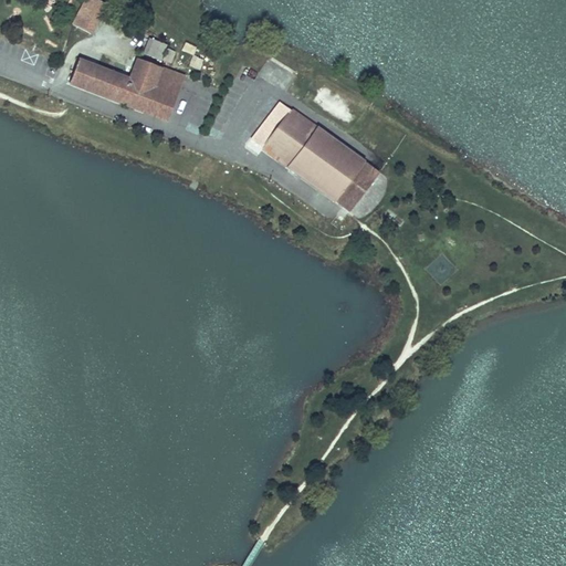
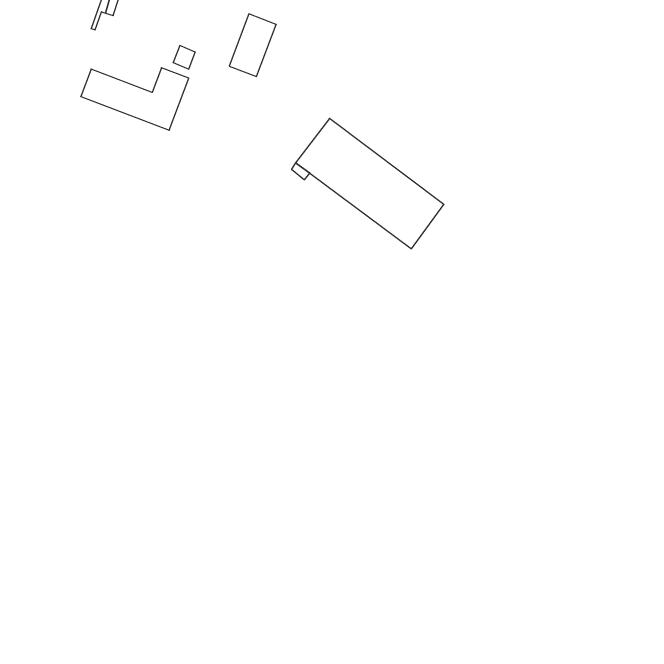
building: [145,66,185,119] -> [229,14,276,76]

